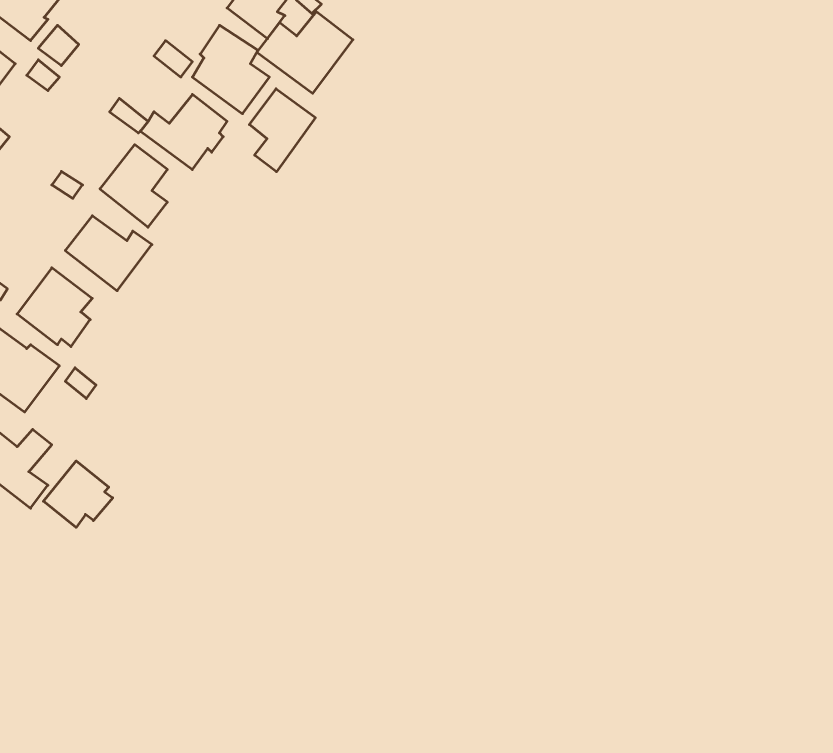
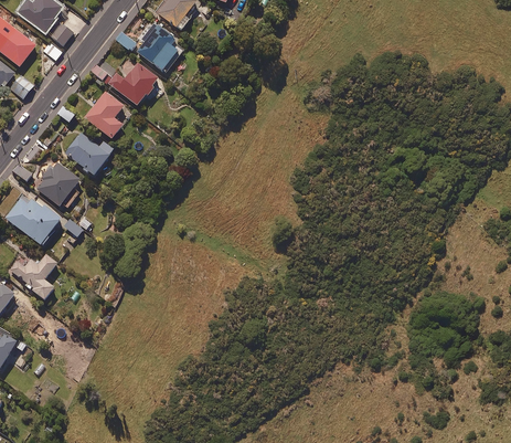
building: [257,12,353,93] -> none
building: [249,89,315,172] -> none
building: [43,461,113,527] -> none

